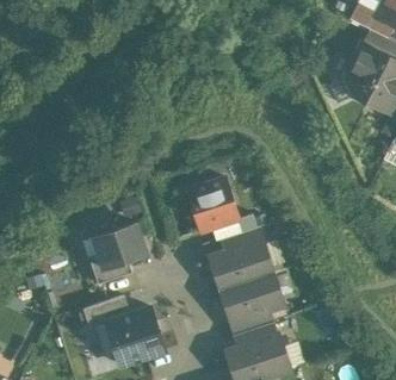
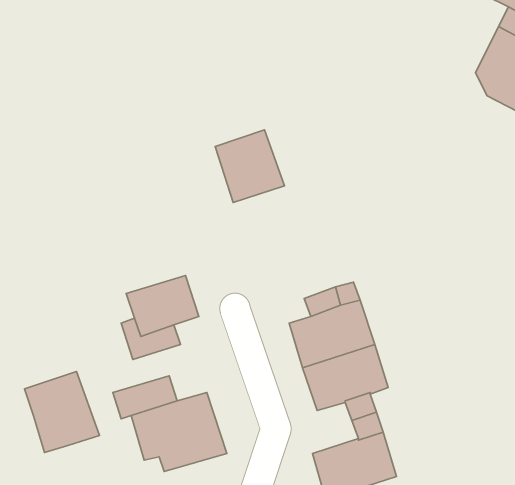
building: [188,177,239,230] -> [215,130,284,202]
building: none -> [25,371,99,453]

